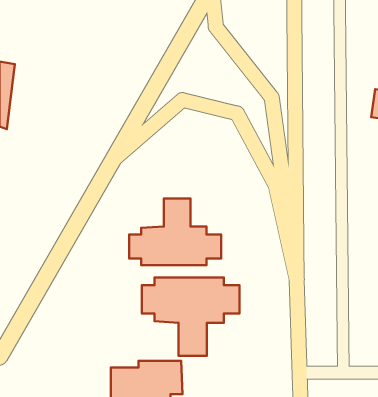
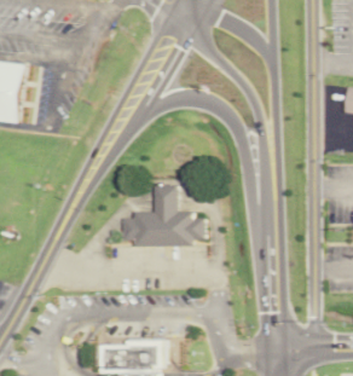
building: [142,277,239,356] -> none

